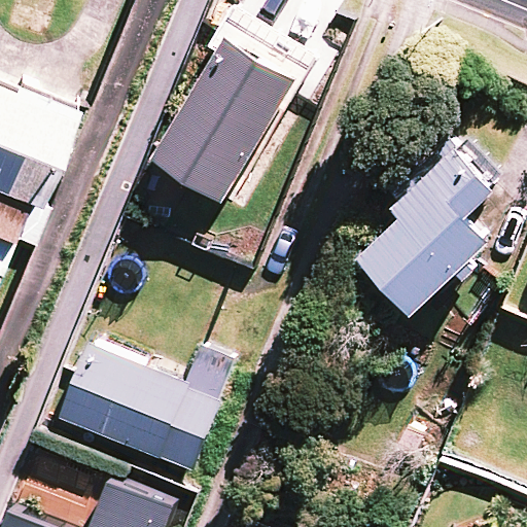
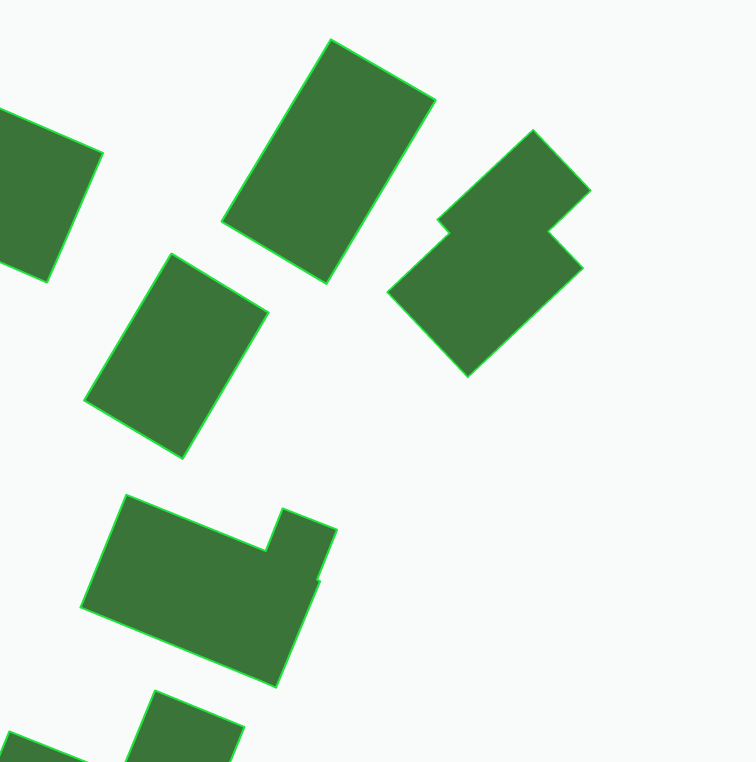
building: [356,146,494,314] -> [387,130,591,377]
building: none -> [84,254,269,459]

